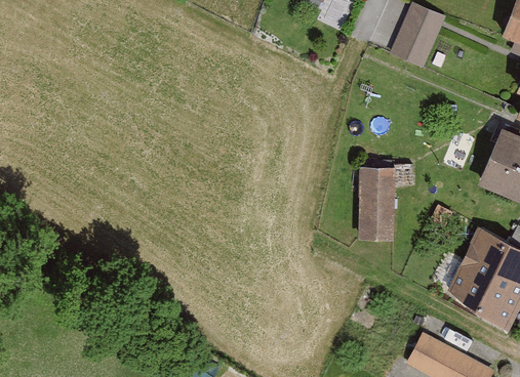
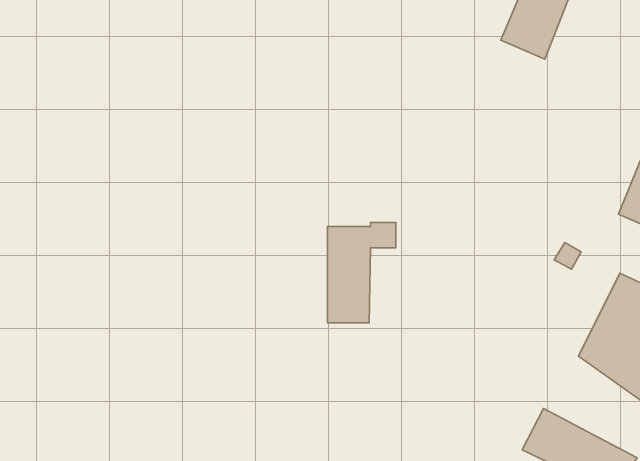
building: [359,166,411,243] -> [328,222,396,323]

